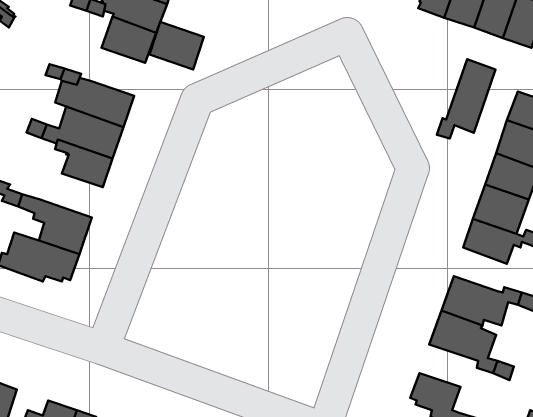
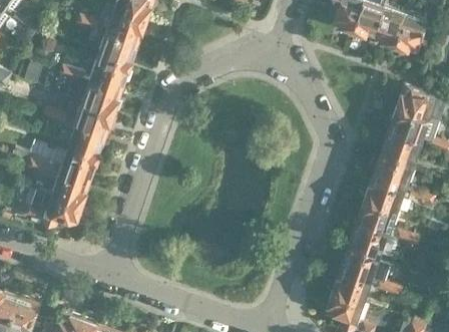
building: [149,22,204,70] -> [92,53,132,88]
building: [437,59,496,139] -> none
building: none -> [55,145,101,178]
building: none -> [359,200,398,232]
building: none -> [334,271,377,302]

